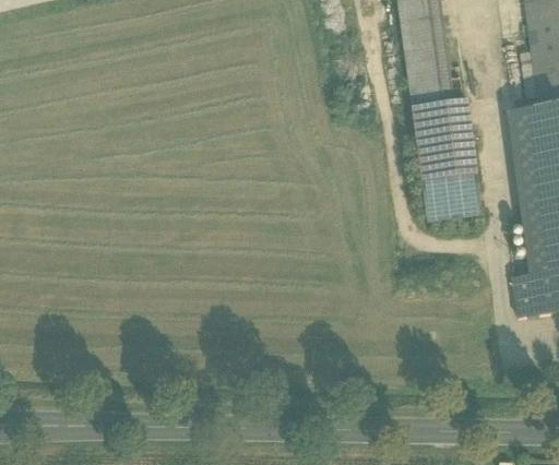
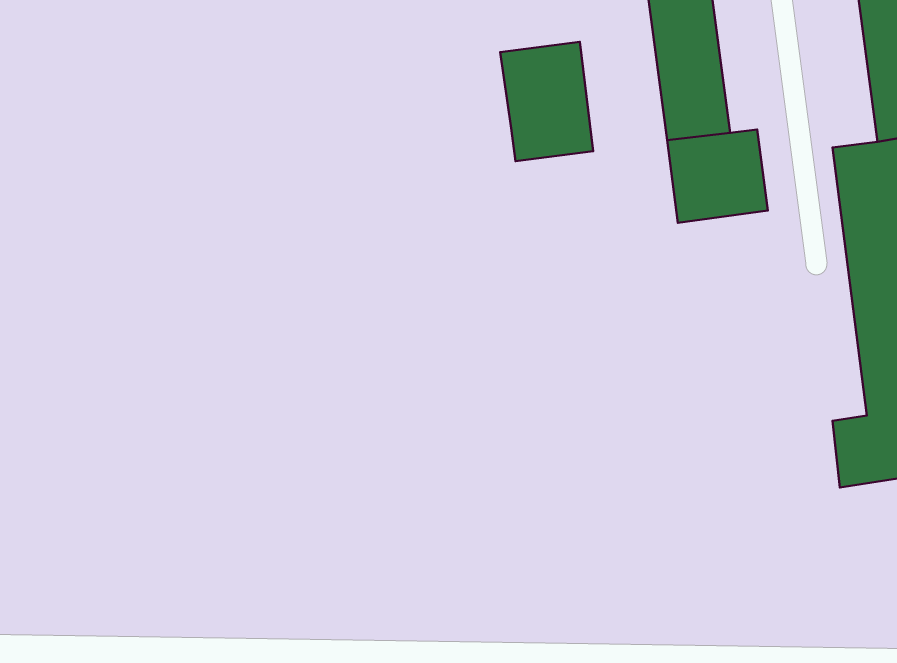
building: none -> [500,42,593,161]
building: [418,144,481,215] -> none

